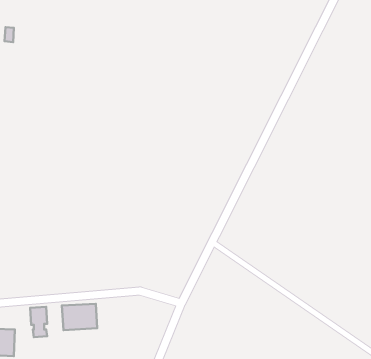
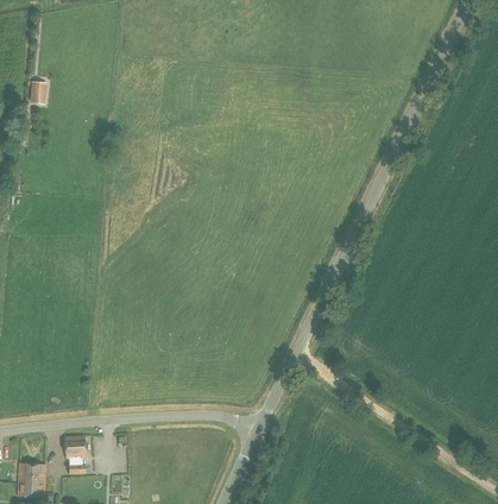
building: [62,304,97,330] -> none

